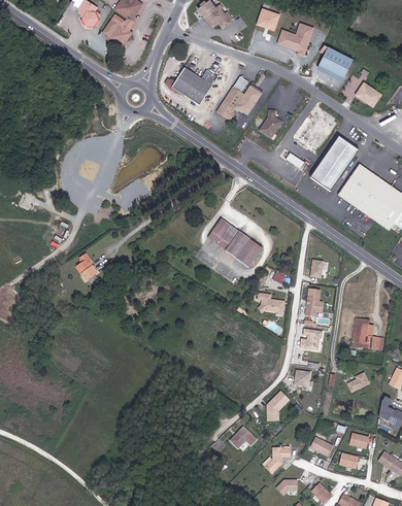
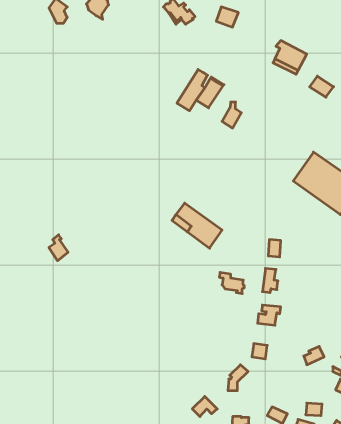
building: [103,18,134,43] -> none
building: [277,23,312,55] -> none
building: [165,67,216,103] -> none
building: [310,136,360,192] -> none
building: [357,317,379,349] -> none

